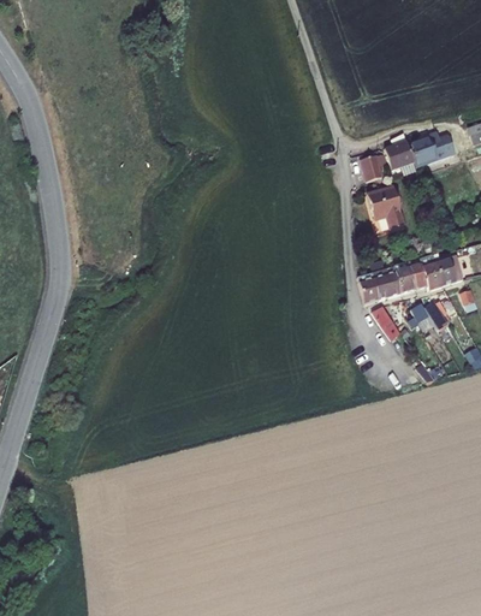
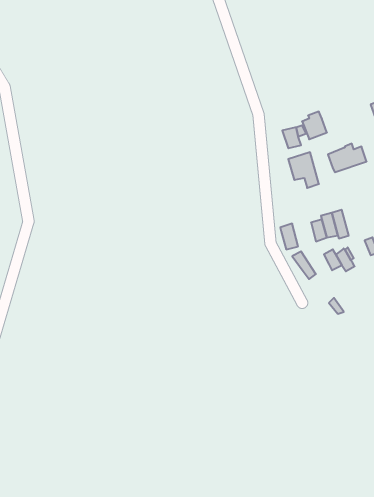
building: [408,131,455,166] -> [328,144,367,172]
building: [432,254,463,286] -> none
building: [372,266,400,300] -> none

